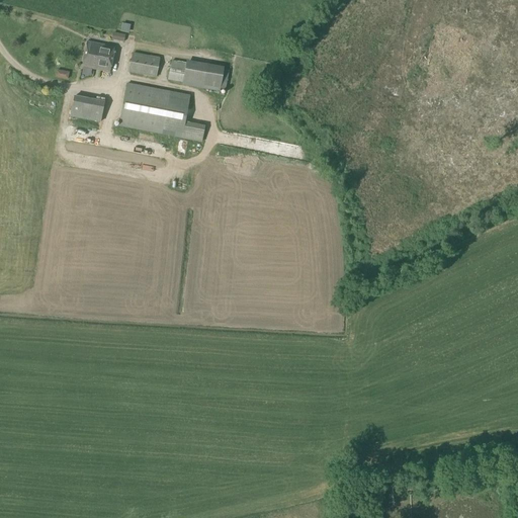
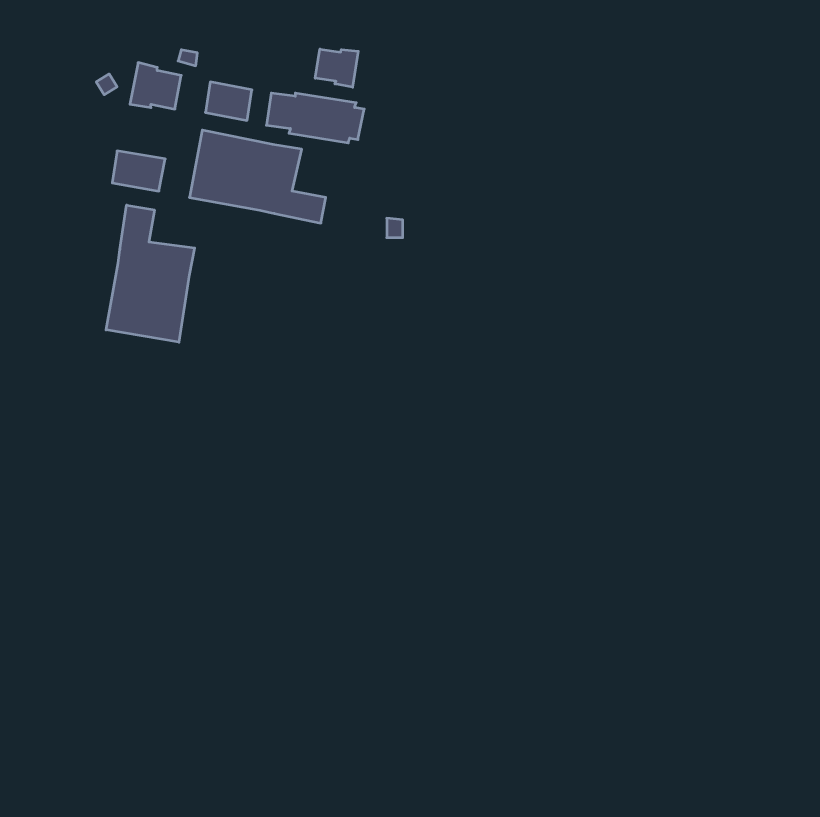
building: none -> [315,49,358,87]
building: none -> [106,205,195,342]

